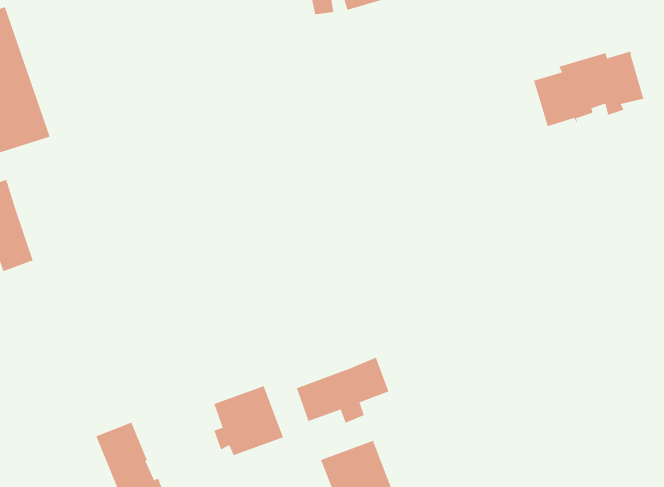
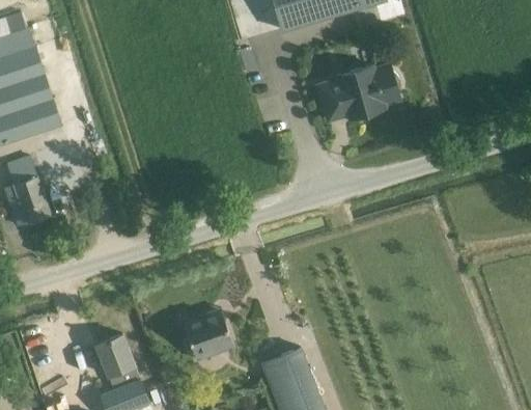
building: [533,51,644,127] -> [317,64,399,120]
building: [296,357,389,424] -> none

